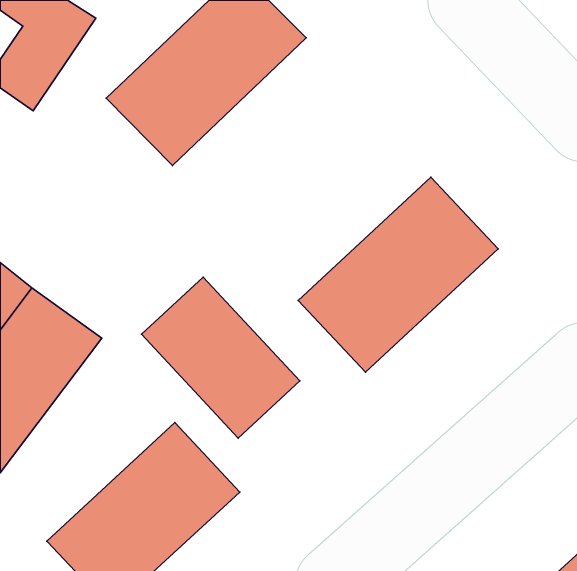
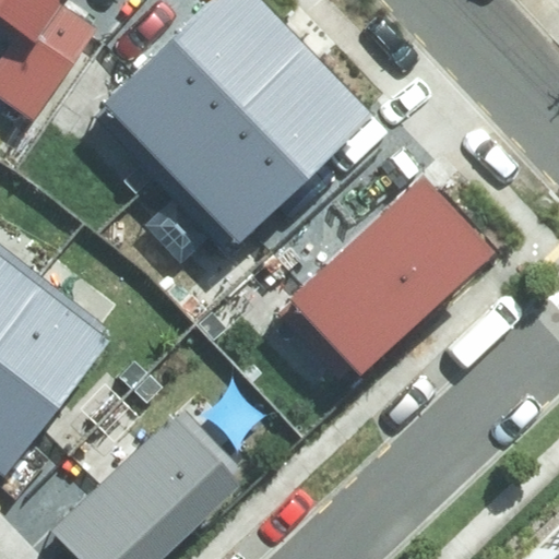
building: none -> [171,48,360,235]
building: [141,277,300,438] -> none

